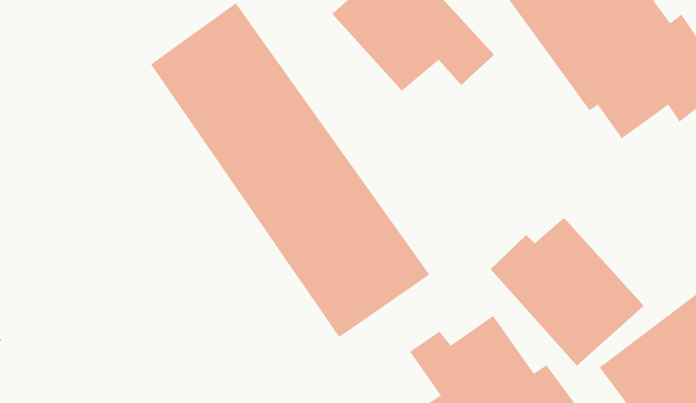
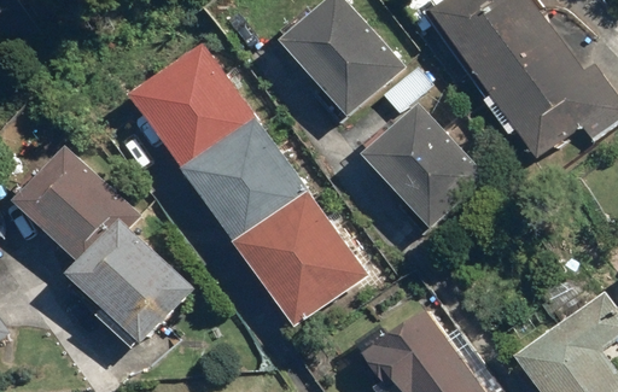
building: none -> [14,144,196,343]
building: [490,217,644,366] -> [357,101,490,229]

